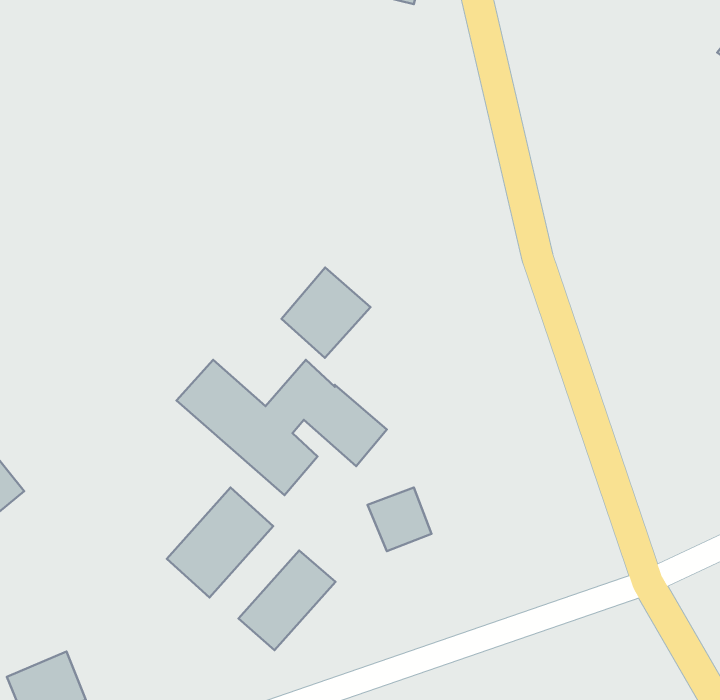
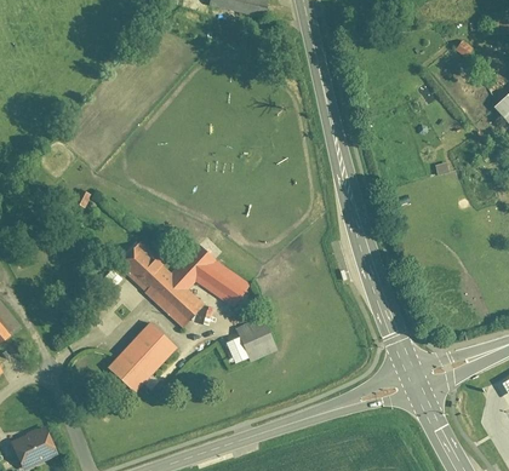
building: [282,268,371,358] -> none
building: [238,550,335,650] -> none

